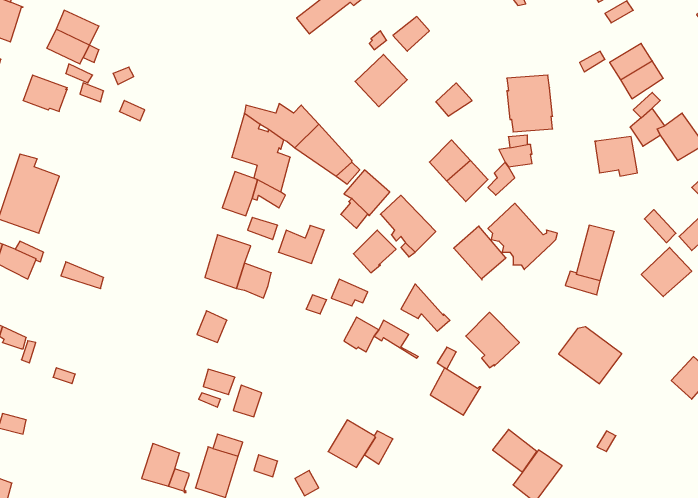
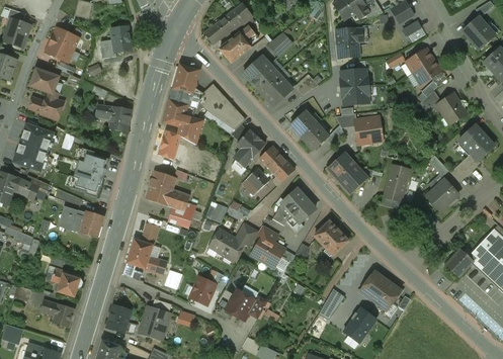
building: none -> [220,25,254,62]
building: none -> [100,26,132,58]
building: none -> [336,28,368,58]
building: none -> [173,64,199,93]
building: none -> [258,72,292,106]
building: none -> [29,90,61,119]
building: none -> [95,103,131,131]
building: [595,137,637,176] -> [355,116,383,142]
building: none -> [75,150,110,196]
building: [278,225,324,263] -> [167,203,196,228]
building: [454,226,506,280] -> [281,188,315,222]
building: none -> [58,205,103,238]
building: none -> [211,229,244,260]
building: [559,327,622,384] -> [360,273,401,309]
building: none -> [127,239,153,268]
building: [430,368,481,415] -> [252,237,284,267]
building: none -> [52,267,82,296]
building: none -> [189,276,217,304]
building: none -> [40,299,74,327]

